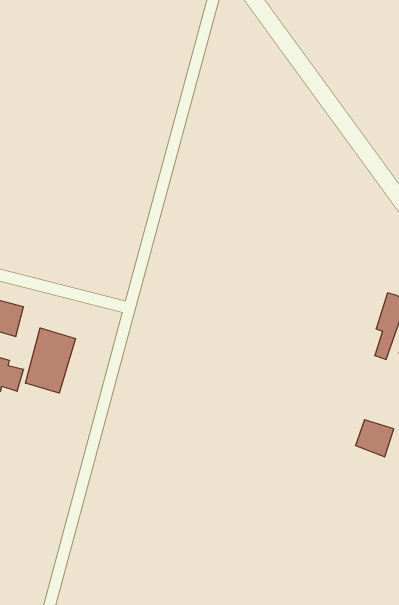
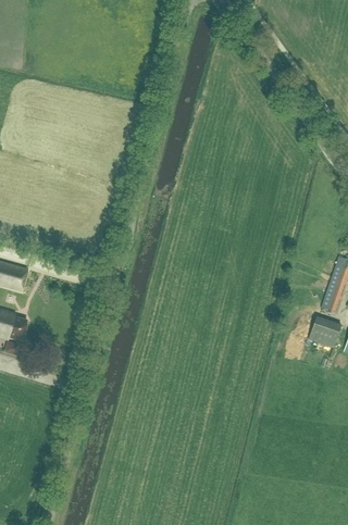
building: [25,328,75,393] -> none
building: [355,420,394,457] -> [308,316,340,348]

